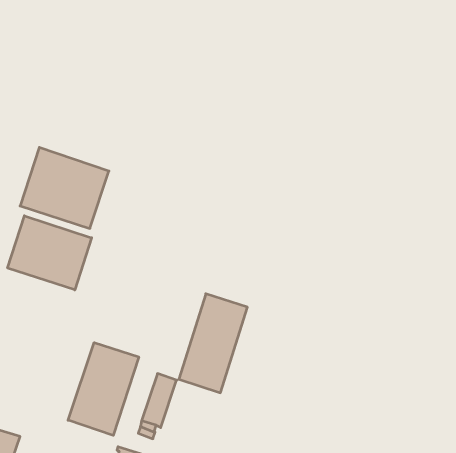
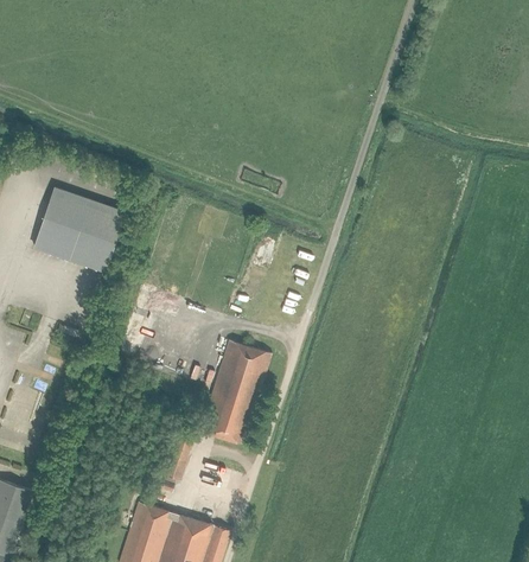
building: [8,216,92,290] -> none
building: [68,343,139,435] -> none

